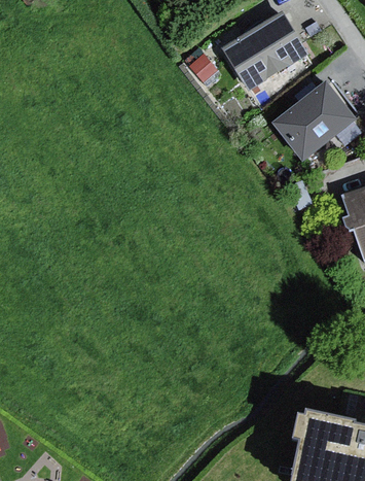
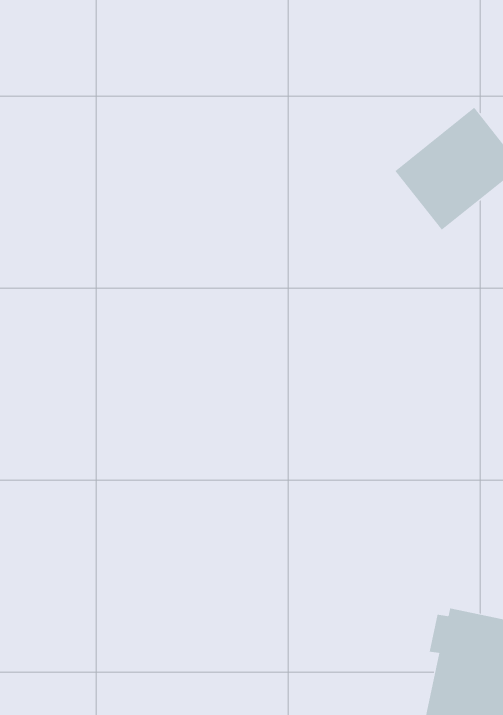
building: [222,13,313,96] -> none

